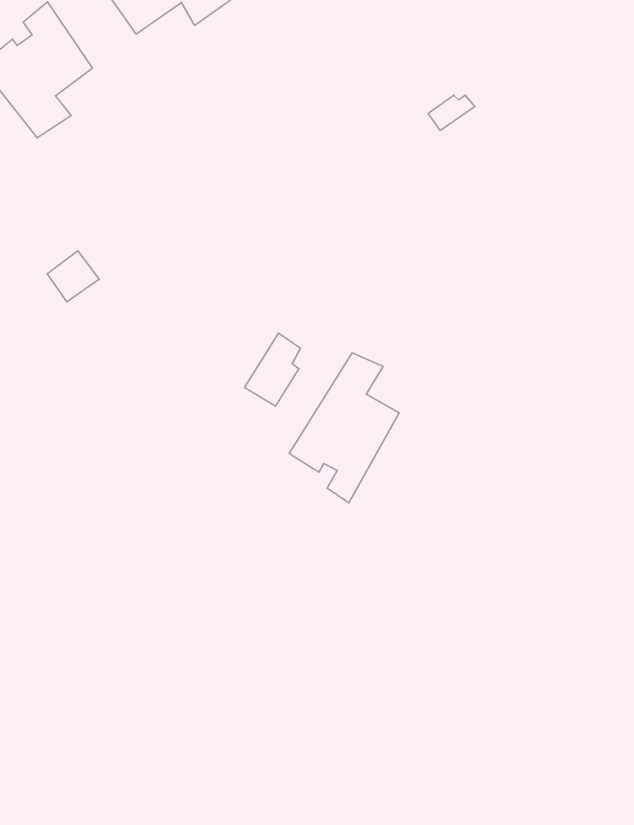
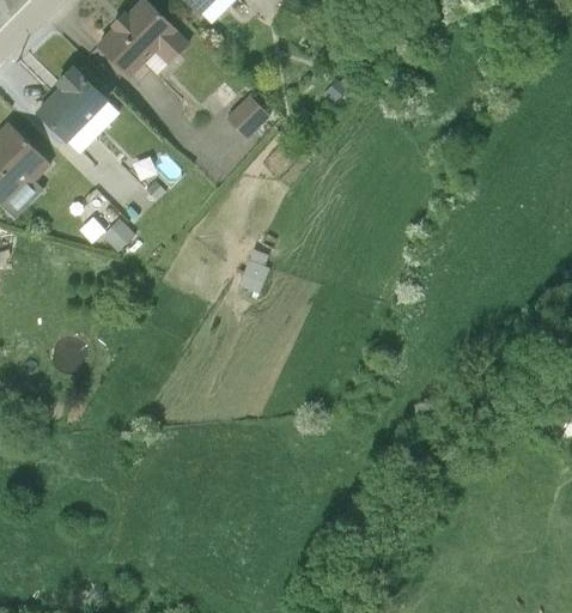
building: none -> [225,95,270,140]
building: [289,353,399,503] -> none

